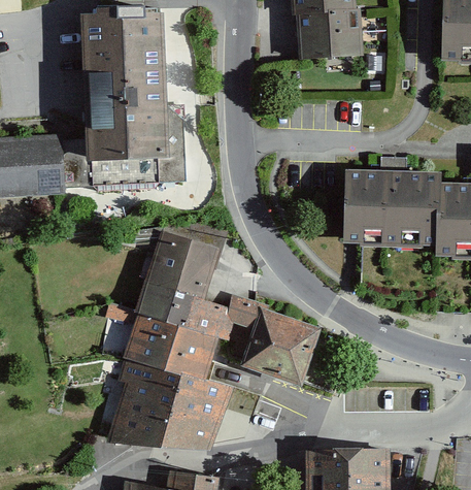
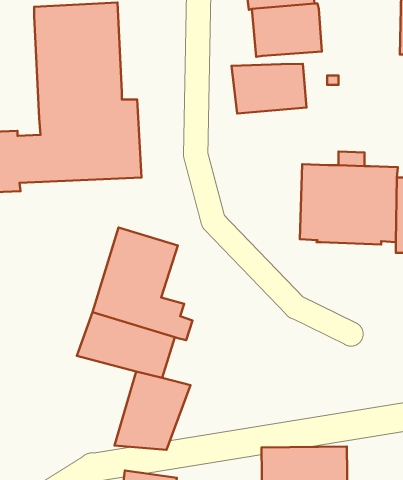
building: none -> [231,64,306,113]
building: [224,294,321,388] -> none
building: [105,358,180,447] -> none

